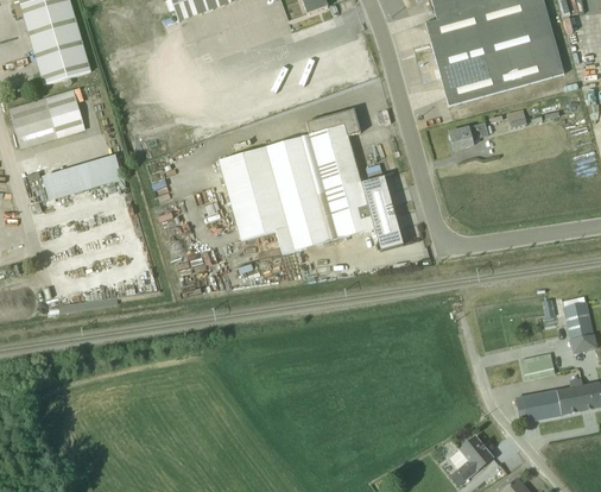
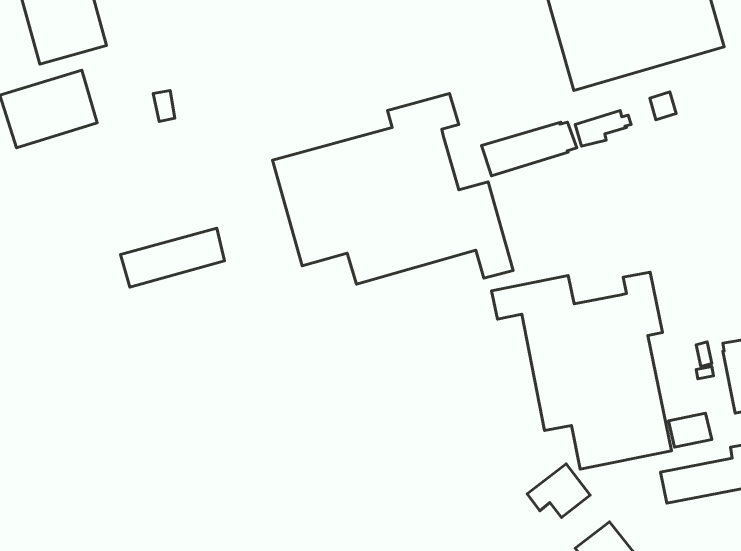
building: none -> [482,122,577,176]
building: [42,153,121,198] -> [120,228,224,287]
building: none -> [492,272,672,469]
building: none -> [527,464,590,517]

